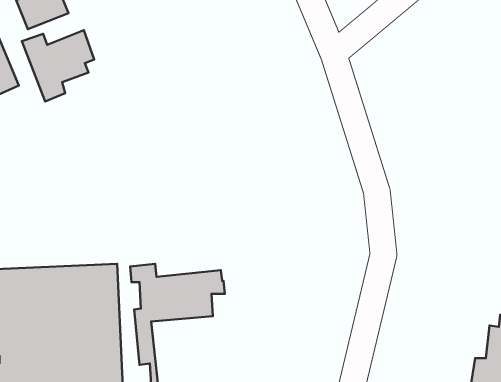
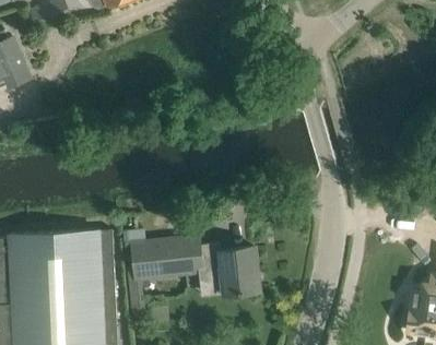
building: [22,30,94,101] -> none
building: none -> [201,242,259,294]

